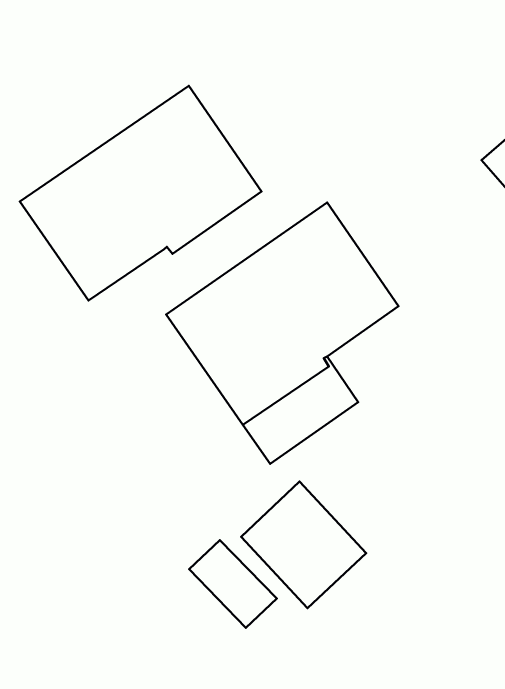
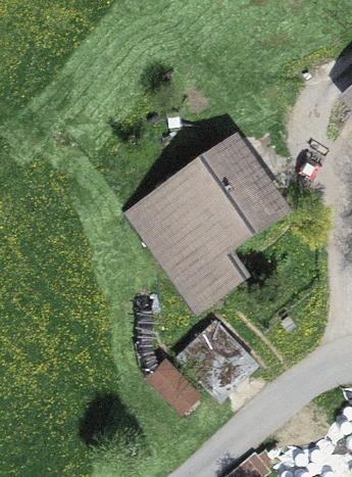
building: [20,86,262,301] -> none

